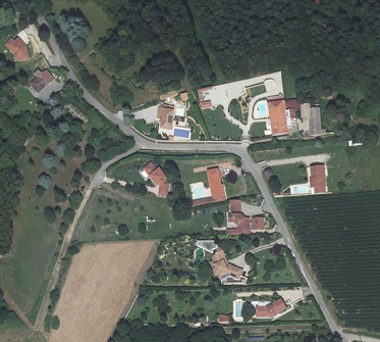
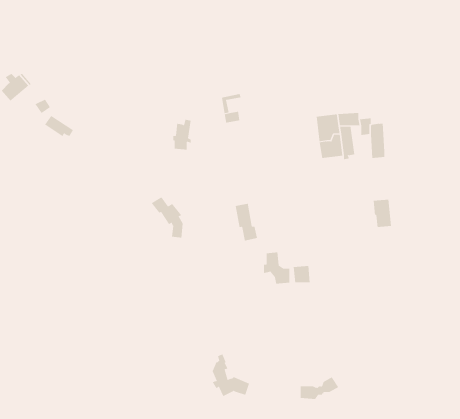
building: [213,247,241,280] -> [212,354,250,397]

